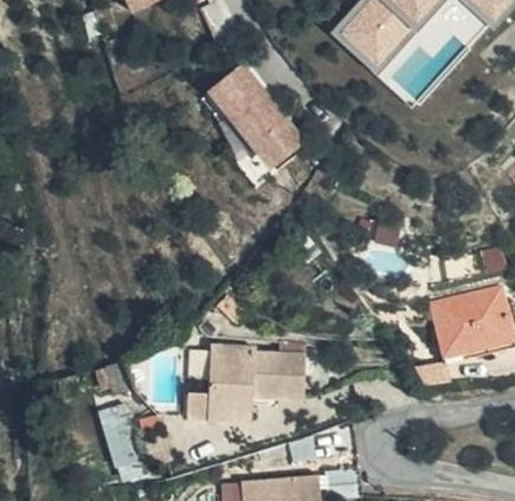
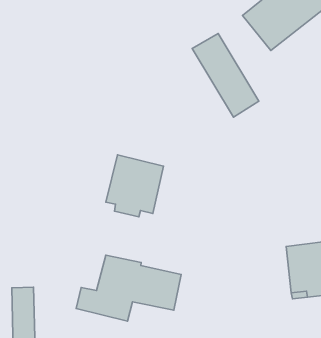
building: [215,64,304,161] -> [192,33,259,117]
building: none -> [106,155,164,217]

